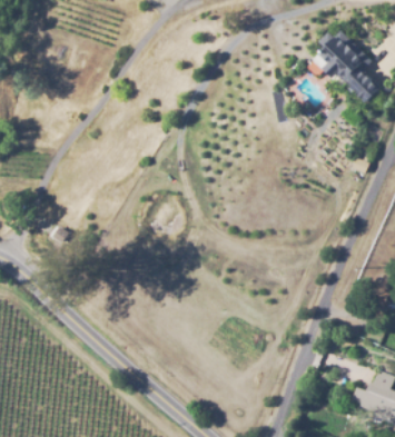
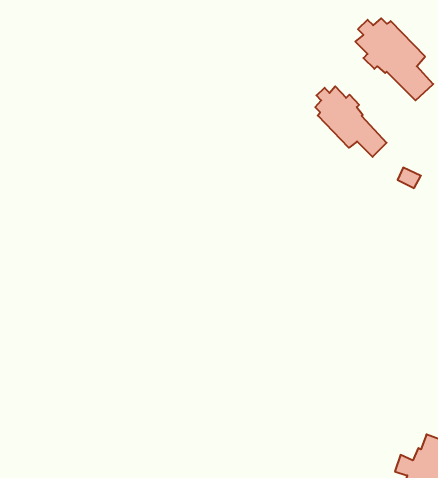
building: none -> [315,86,387,157]

